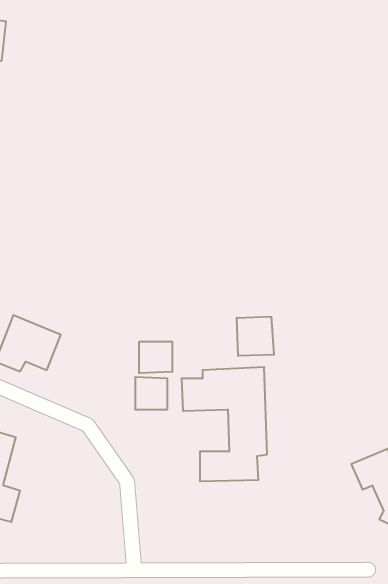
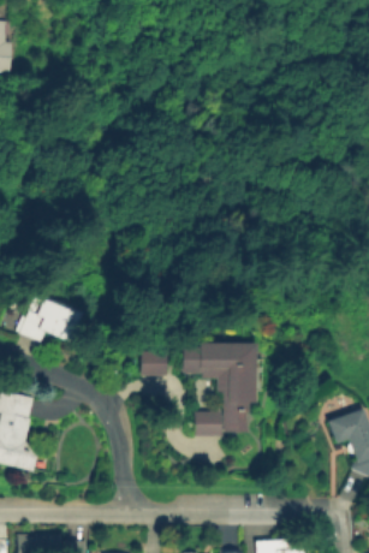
building: [237,317,274,356] -> none
building: [139,342,172,373] -> none

